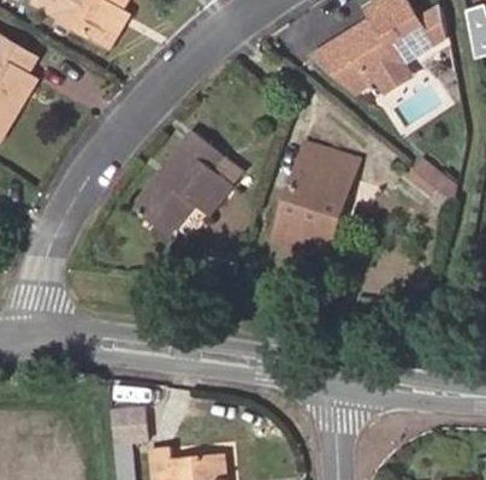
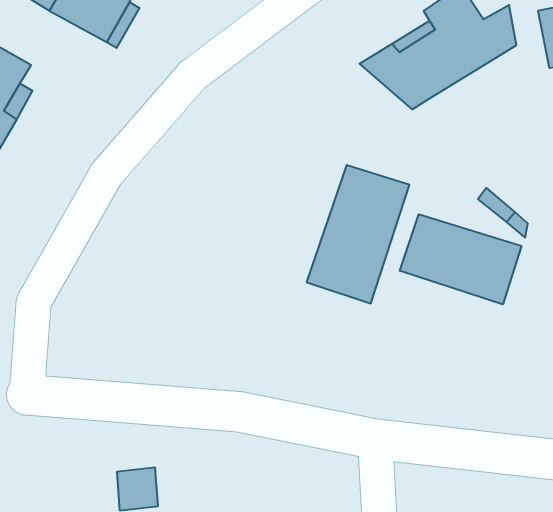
building: [131,131,230,236] -> none
building: none -> [400,214,521,304]

